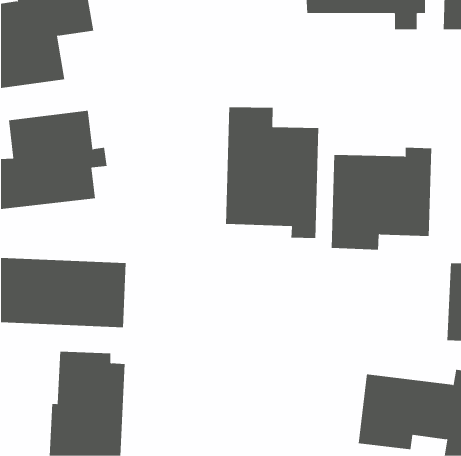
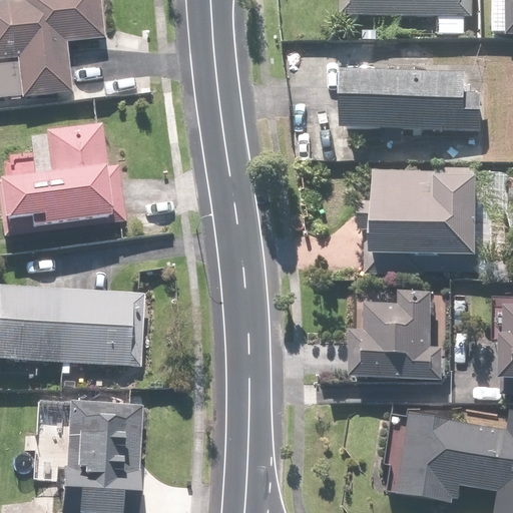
building: none -> [344,76,480,132]
building: [225,106,319,239] -> none
building: none -> [350,294,445,384]

